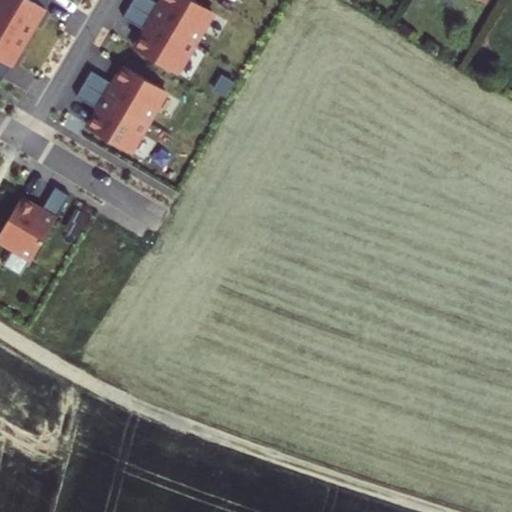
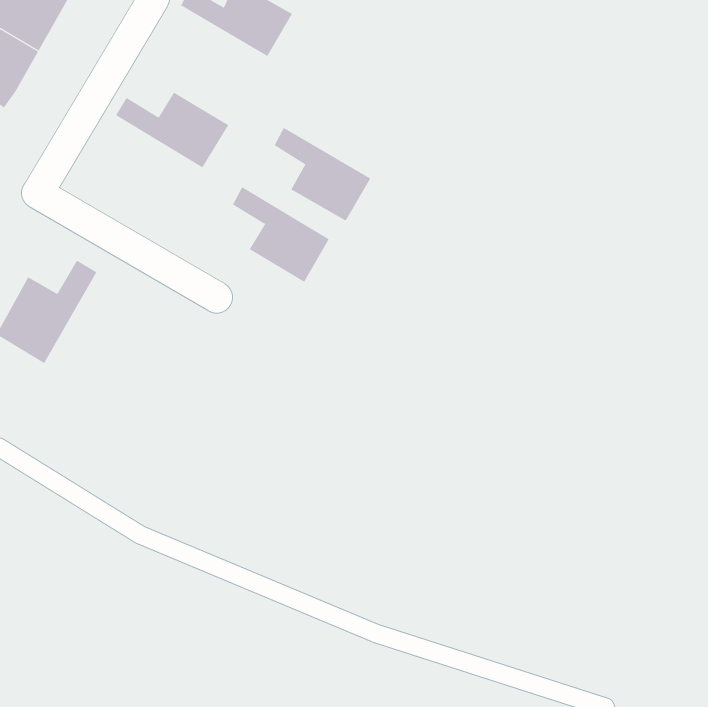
building: [123,4,193,72] -> [274,127,371,222]
building: [76,83,146,152] -> [232,187,329,282]

